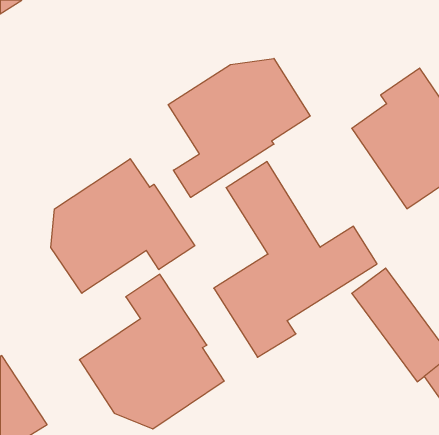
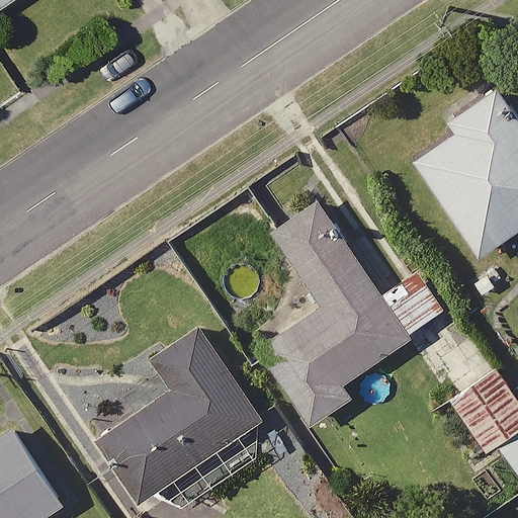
building: [168,58,310,197] -> none
building: [51,159,195,293] -> none

